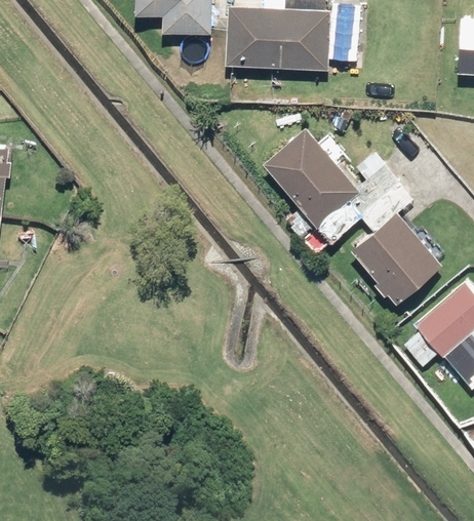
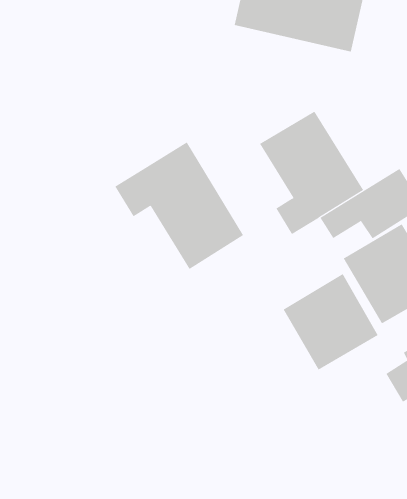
building: none -> [114,142,244,270]
building: none -> [283,273,378,370]

